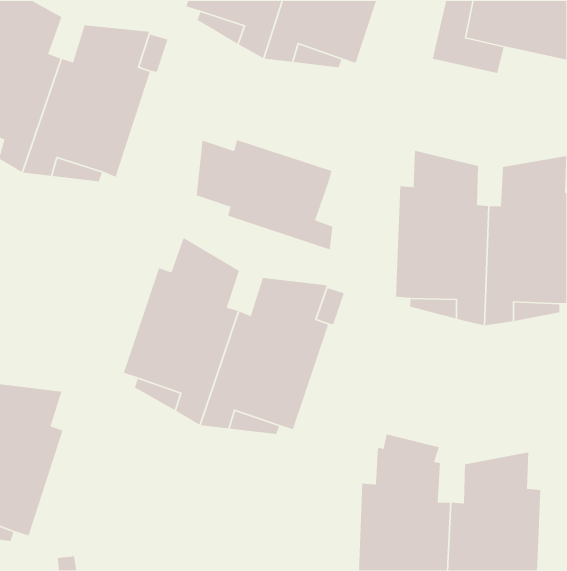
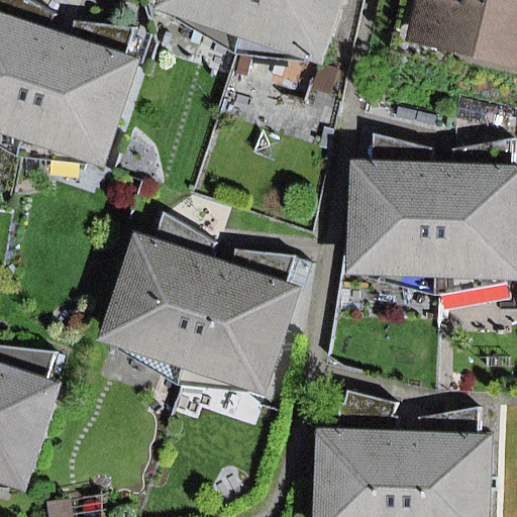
building: [196,139,333,250] -> none

